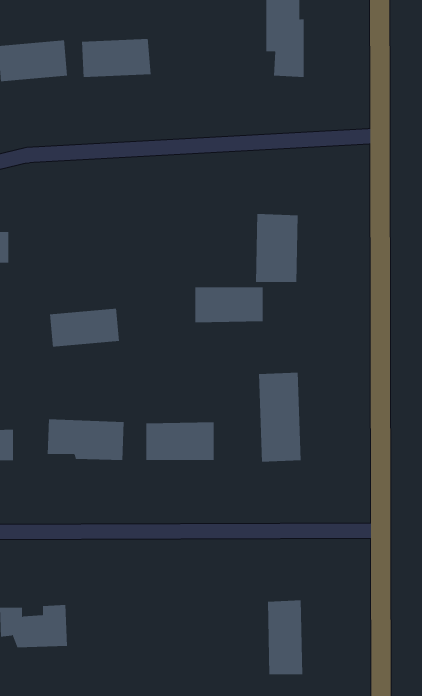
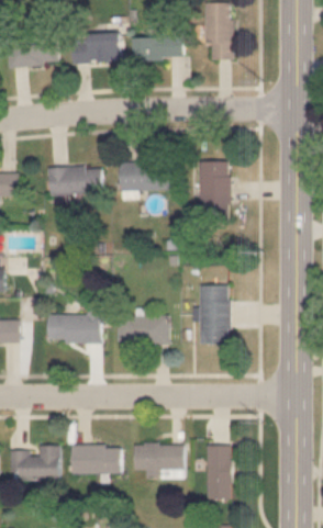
building: none -> [132,37,182,61]
building: [194,287,263,323] -> [121,164,171,190]
building: [49,308,120,347] -> [47,166,99,194]
building: none -> [71,446,119,475]
building: none -> [134,446,181,482]

